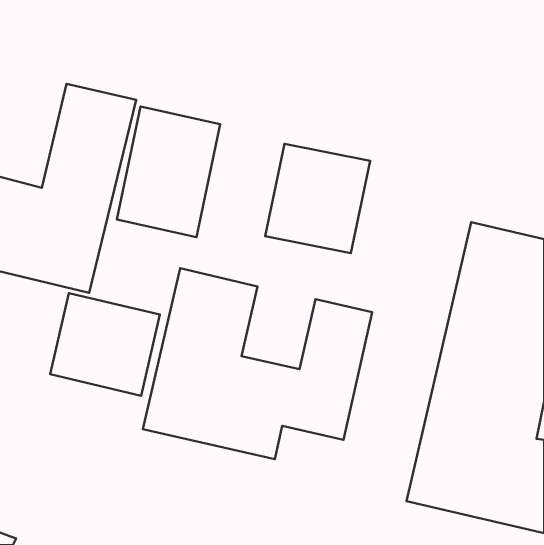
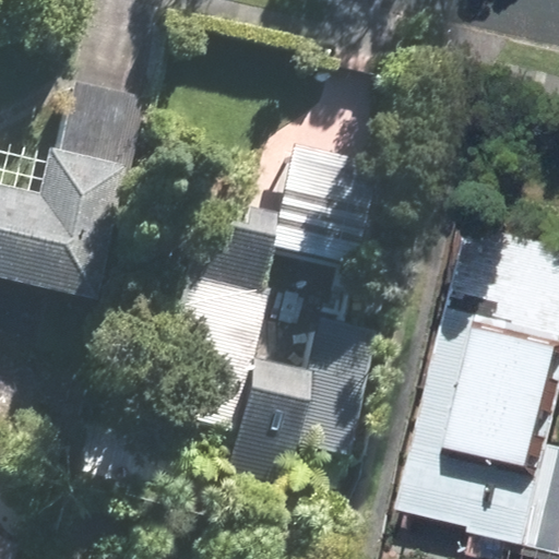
building: [117,106,220,237] -> none
building: [50,293,160,396] -> none

